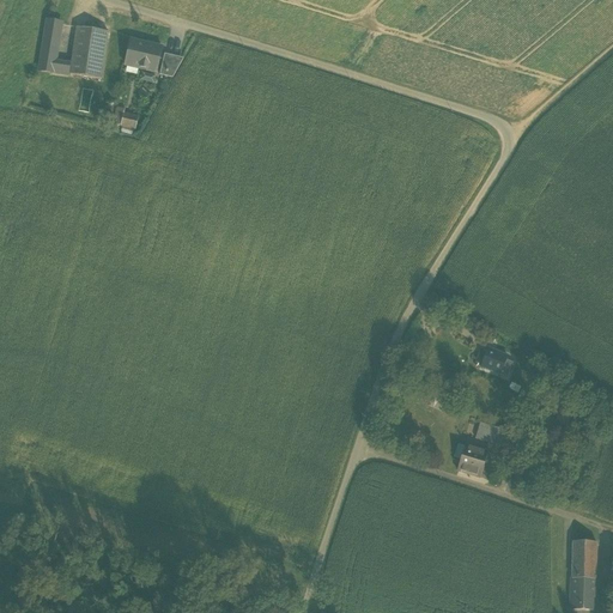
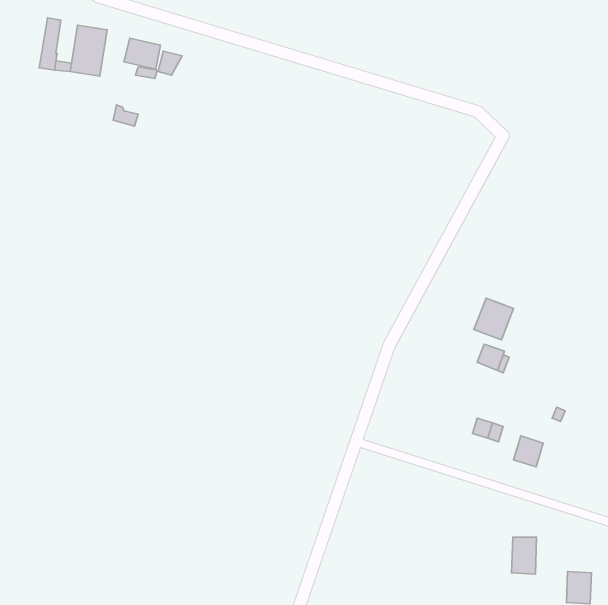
building: none -> [474,298,513,340]
building: [457,443,487,474] -> [514,436,543,467]
building: [571,539,596,576] -> [512,537,537,574]

